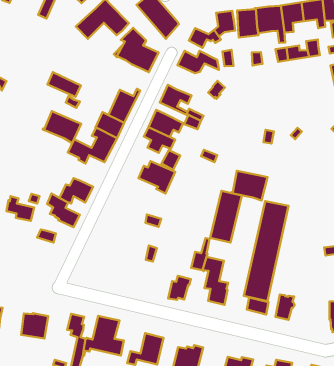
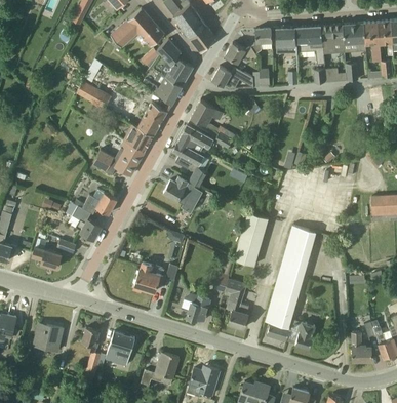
building: none -> [142,76,182,104]
building: [43,111,81,143] -> none
building: [231,171,267,200] -> none
building: [6,196,34,221] -> [32,241,61,268]
building: none -> [133,263,164,292]

